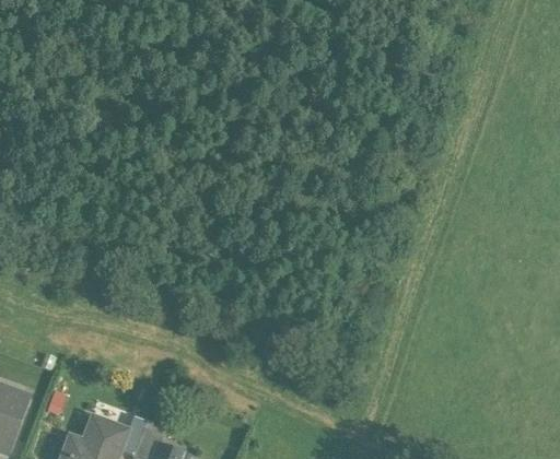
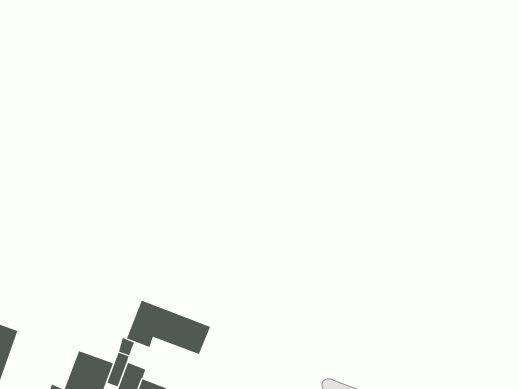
building: none -> [126,300,211,355]

